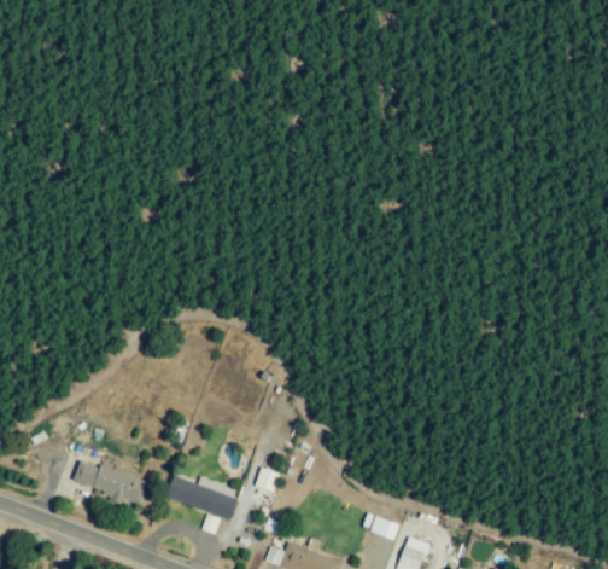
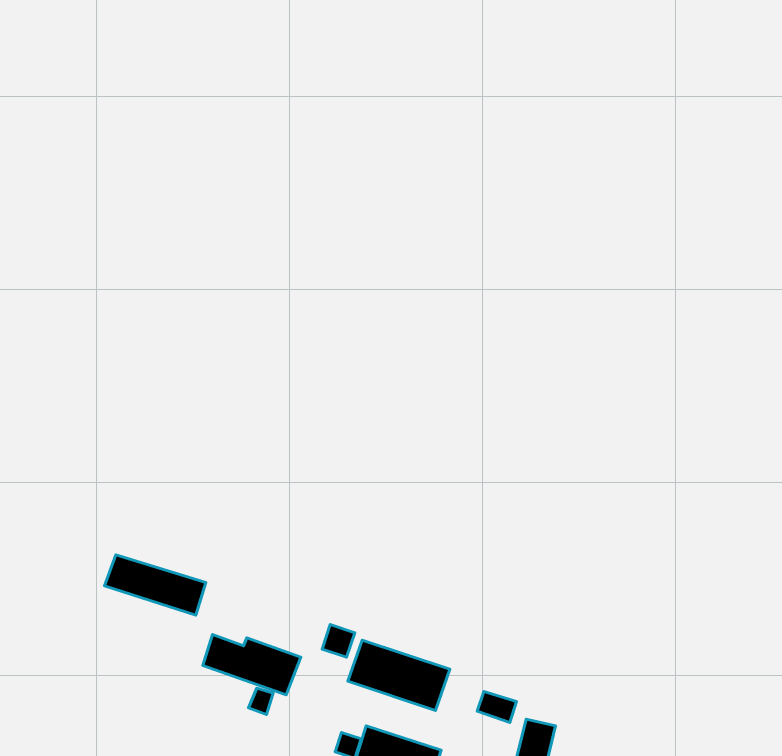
building: [72,459,147,504] -> [105,555,206,615]
building: none -> [348,640,450,711]

